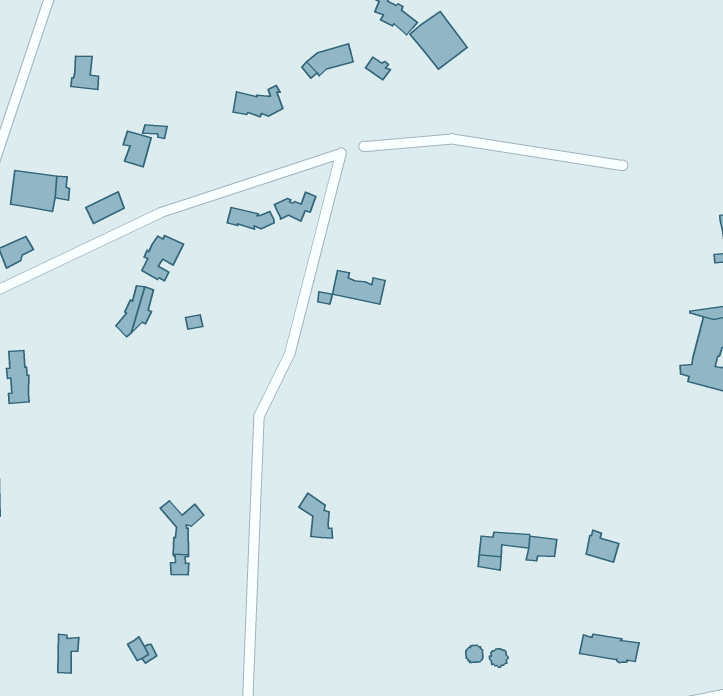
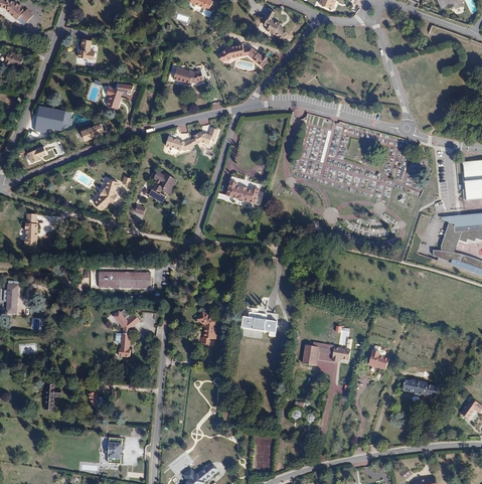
building: [410,12,467,69] -> none
building: [142,236,184,281] -> [149,175,175,202]
building: none -> [99,272,150,288]
building: none -> [238,315,275,336]
building: [580,634,639,662] -> [401,378,438,396]

